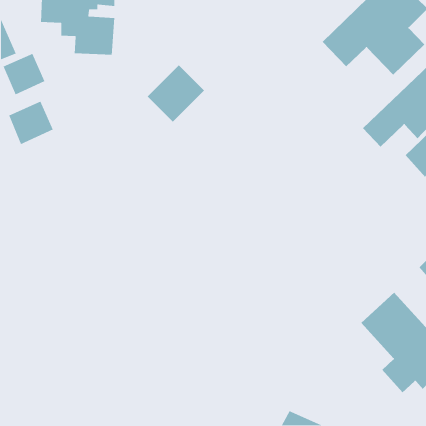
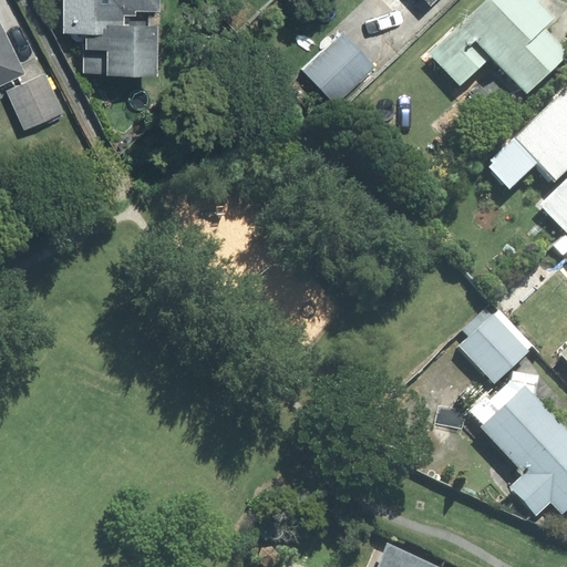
building: [147,65,205,122] -> [301,27,378,103]
building: [8,101,54,145] -> none
building: none -> [460,306,536,385]

